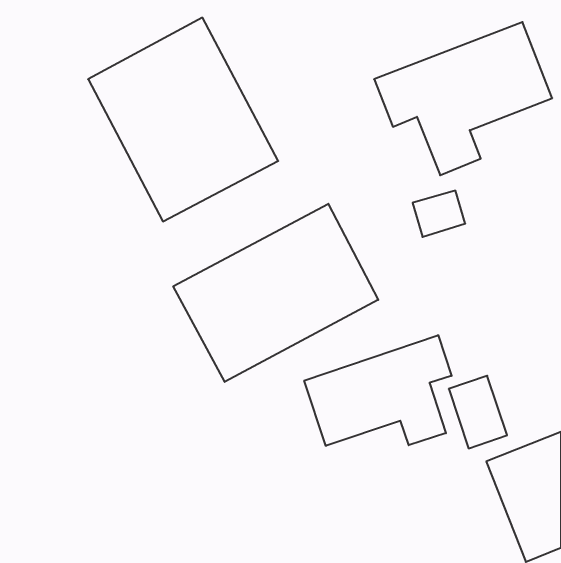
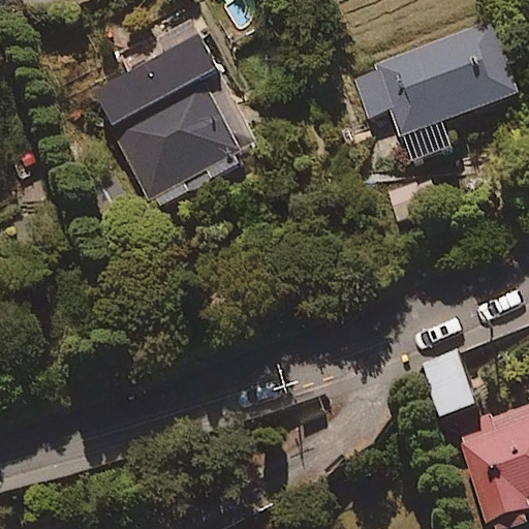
building: [173,204,378,382] -> none
building: [304,335,452,446] -> none

